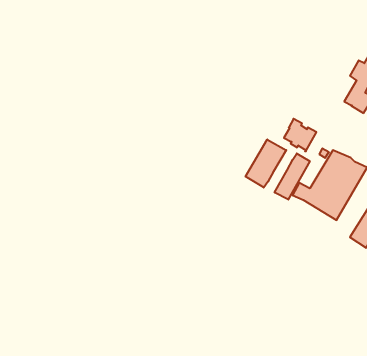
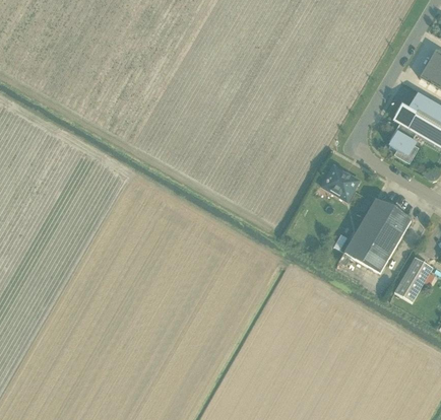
building: [246,139,286,188] -> none
building: [275,153,310,200] -> none

